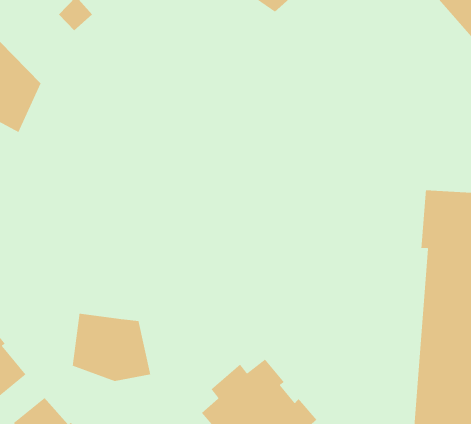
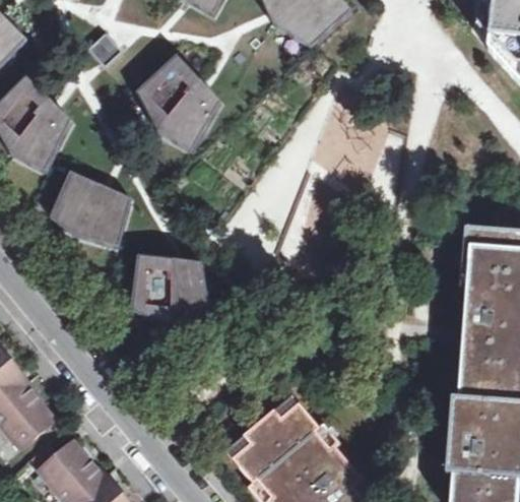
building: none -> [137,54,221,152]
building: none -> [50,174,130,245]
building: [72,313,151,382] -> [131,255,212,326]

